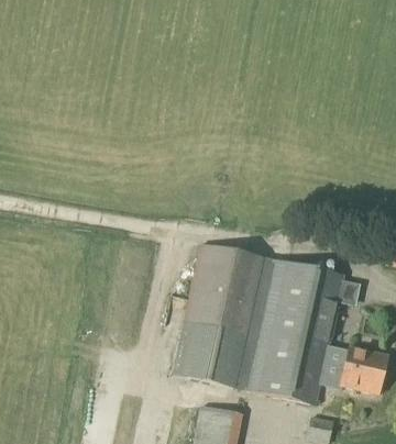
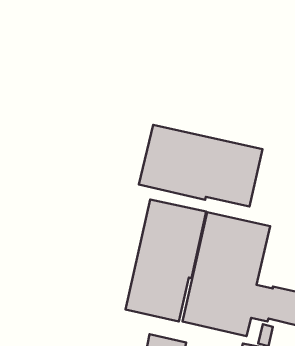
building: none -> [139,125,262,206]

